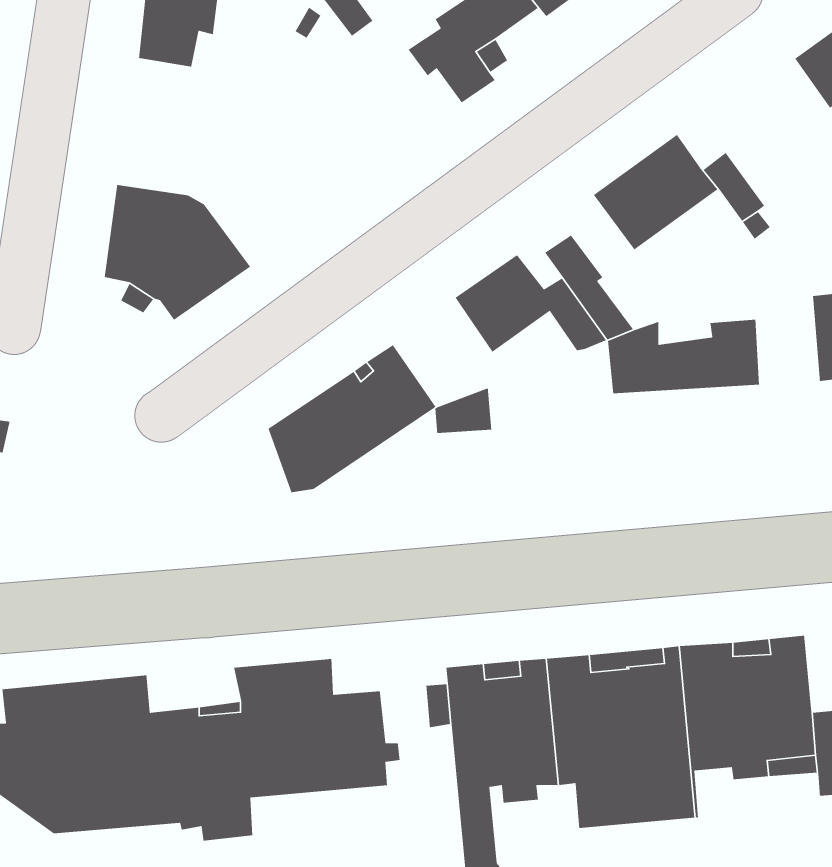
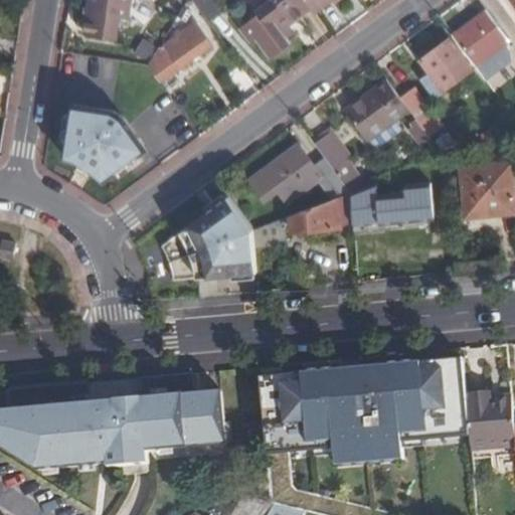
building: none -> [146,25,207,80]
building: none -> [421,40,470,96]
building: none -> [291,198,338,231]
building: none -> [184,231,254,277]

